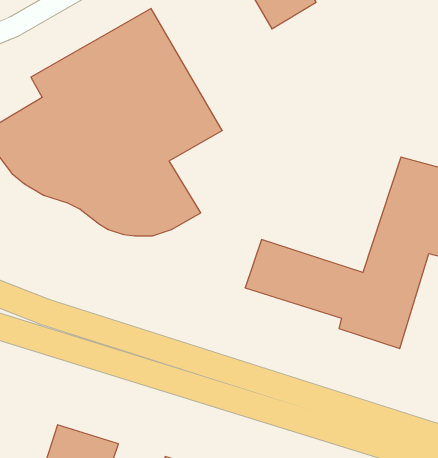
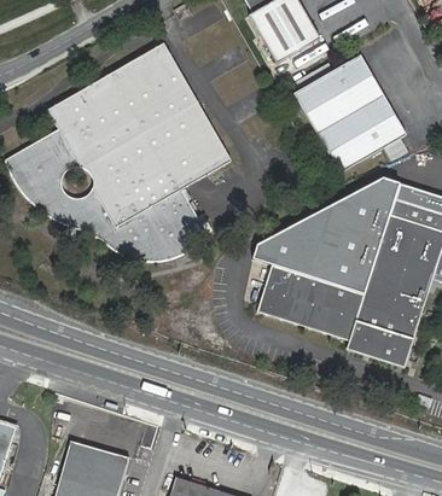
building: none -> [292,54,403,173]
building: none -> [248,177,401,296]

